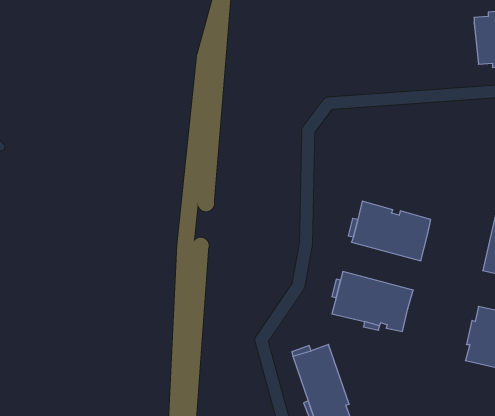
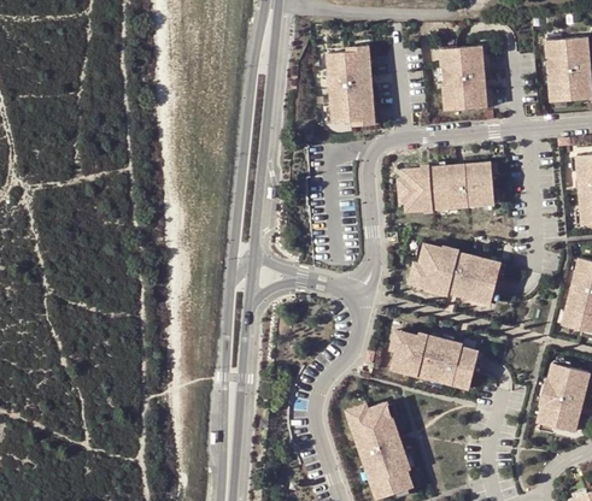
building: none -> [442,43,488,107]
building: none -> [330,52,377,119]
building: none -> [408,160,499,208]

